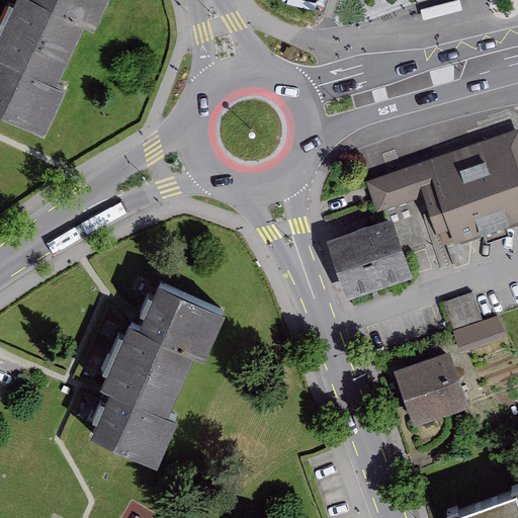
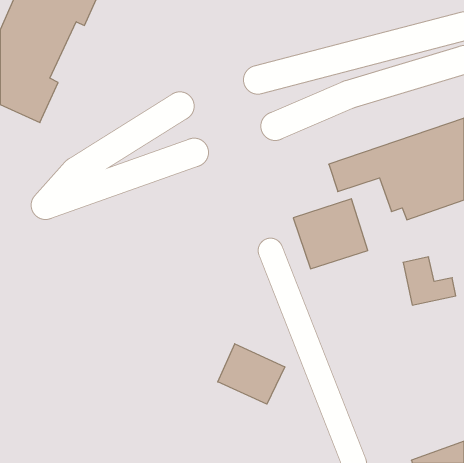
building: [89,283,227,466] -> none
building: [394,350,469,426] -> none
building: none -> [218,344,285,404]

